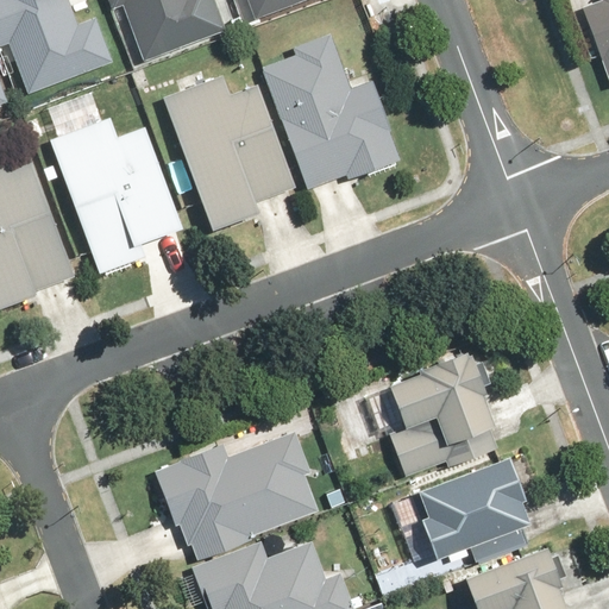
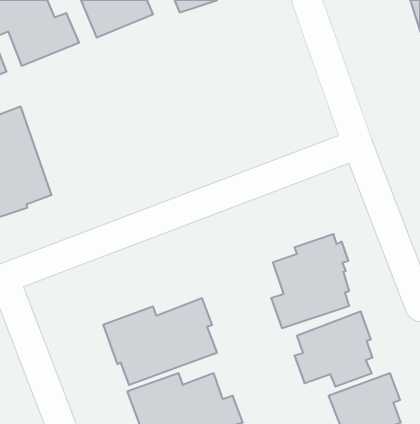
building: [264,36,400,192] -> none
building: [163,79,297,236] -> none
building: [51,103,186,275] -> none

